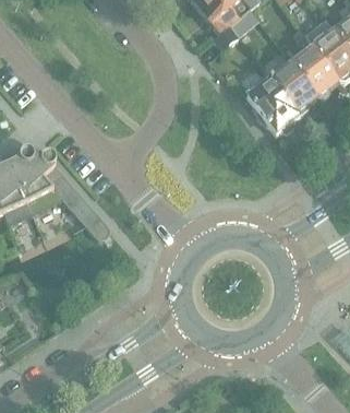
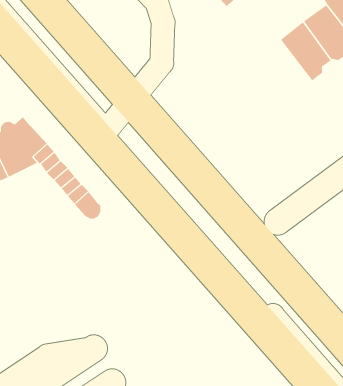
building: [245,76,297,130] -> none

